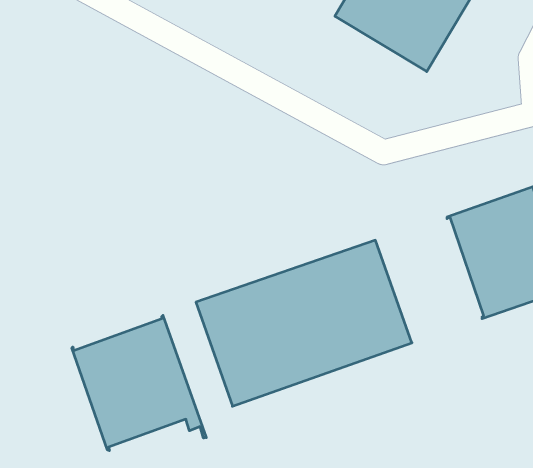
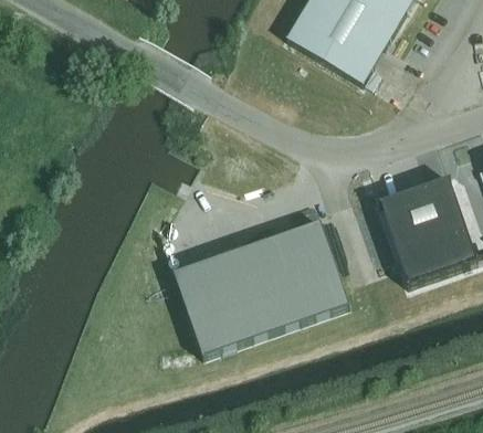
building: [72,315,206,451] -> none

